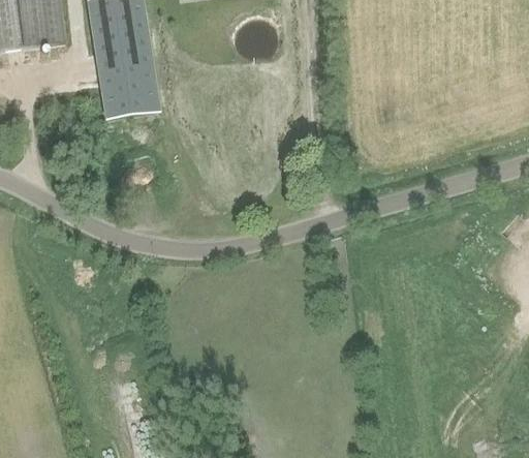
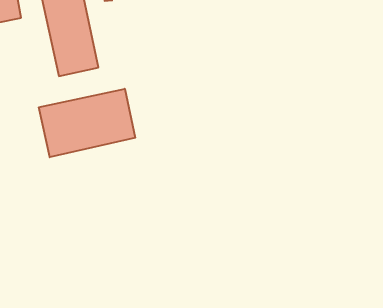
building: none -> [39,89,135,157]

